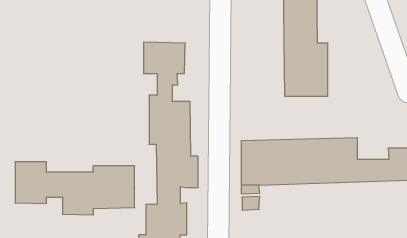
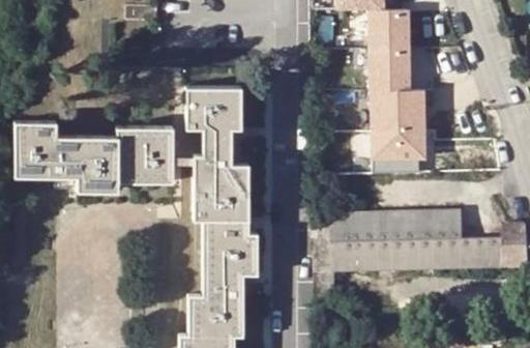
building: [15,162,135,215] -> [18,123,172,192]

